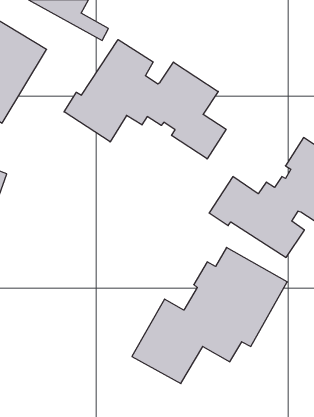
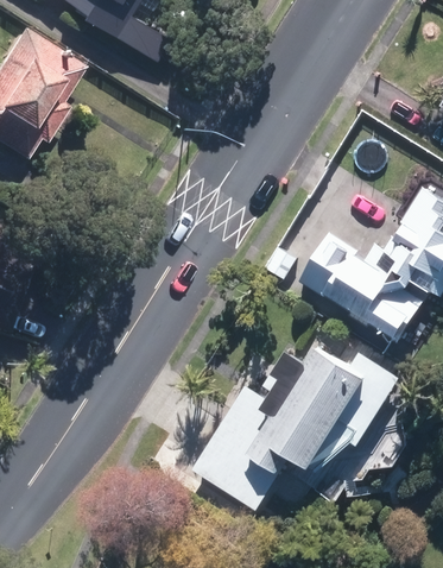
building: [64,40,226,159] -> none

